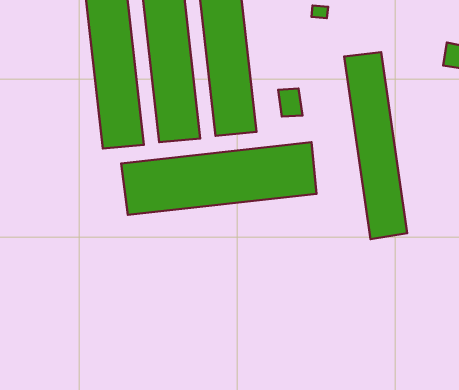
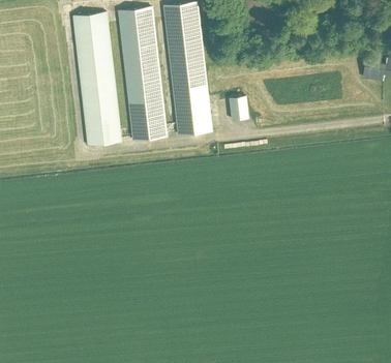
building: [344,52,407,239] -> none
building: [121,142,316,215] -> none

